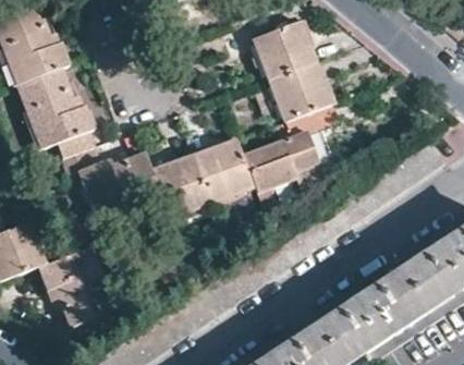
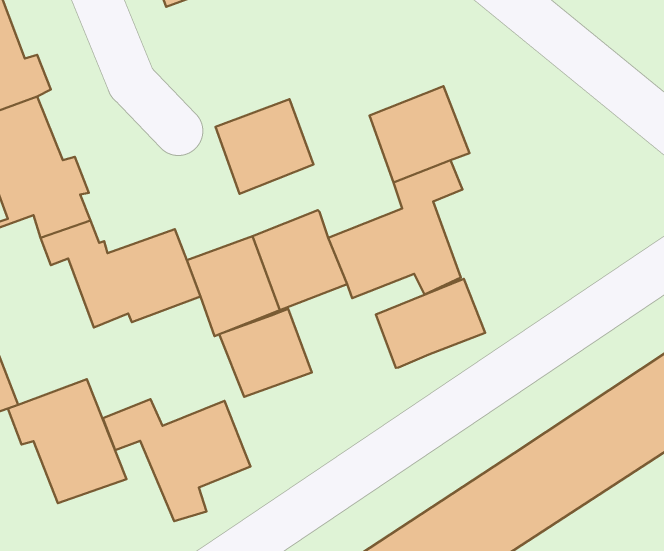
building: [254,19,316,78] -> [215,99,314,194]
building: none -> [376,279,485,368]
building: none -> [219,309,312,397]
building: none -> [103,399,251,521]

